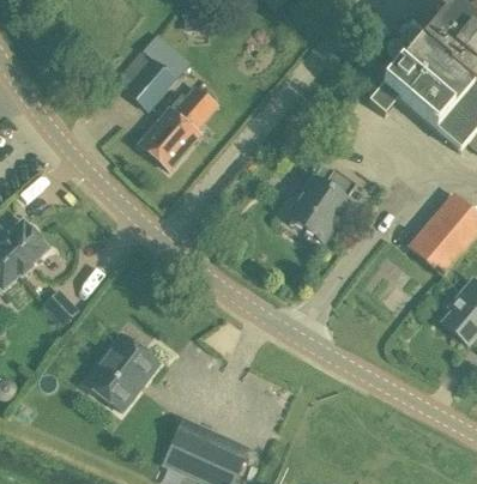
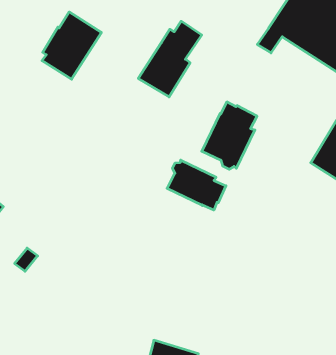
building: [137,84,217,169] -> [138,21,202,97]
building: none -> [167,160,226,210]
building: [84,332,158,410] -> none

